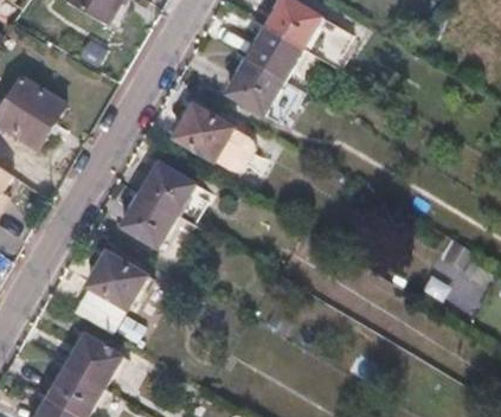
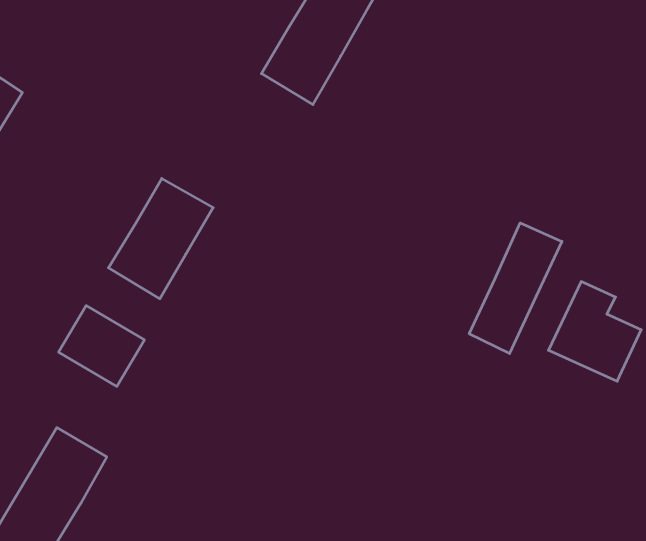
building: [173,103,250,167] -> none
building: none -> [469,223,562,354]
building: [71,283,127,332] -> none

